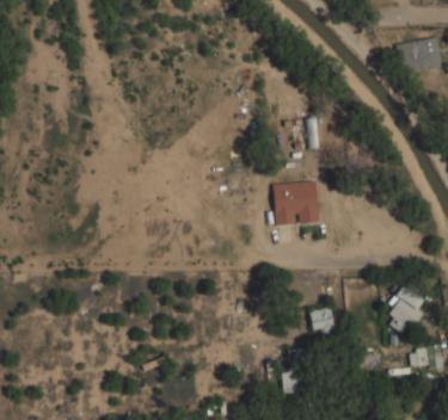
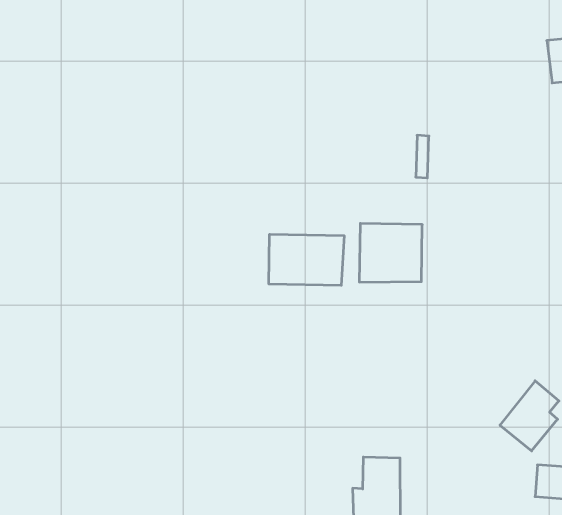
building: none -> [269,234,344,285]
building: [309,307,336,335] -> none

